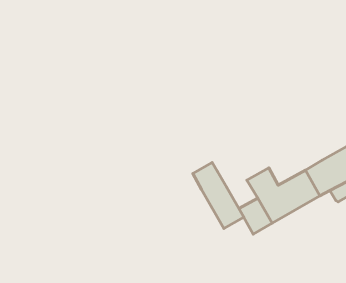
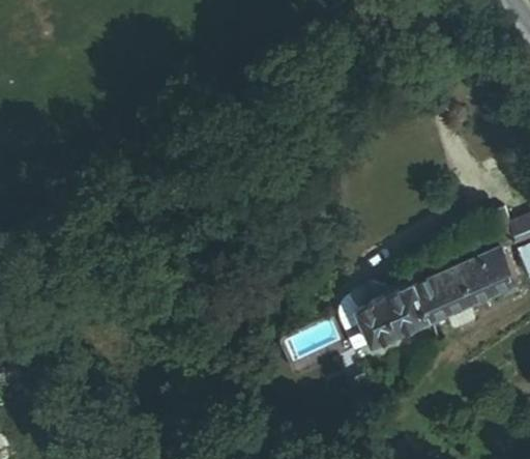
building: [193,162,244,229] -> none

